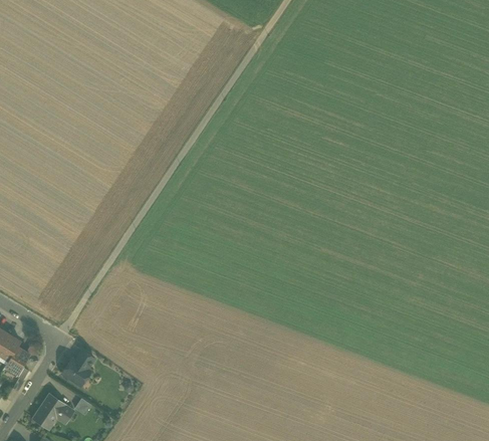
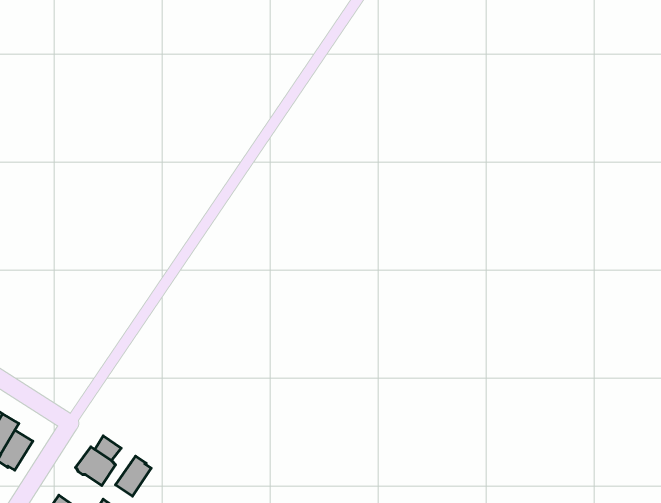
building: none -> [116,456,151,496]

